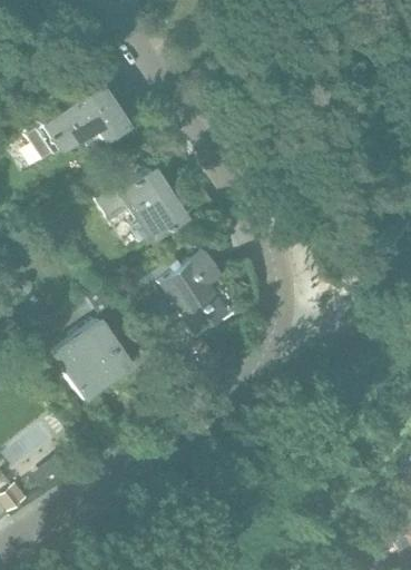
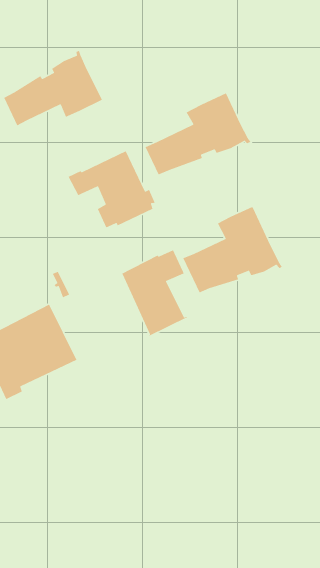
building: none -> [144,93,251,176]
building: none -> [182,206,283,293]

